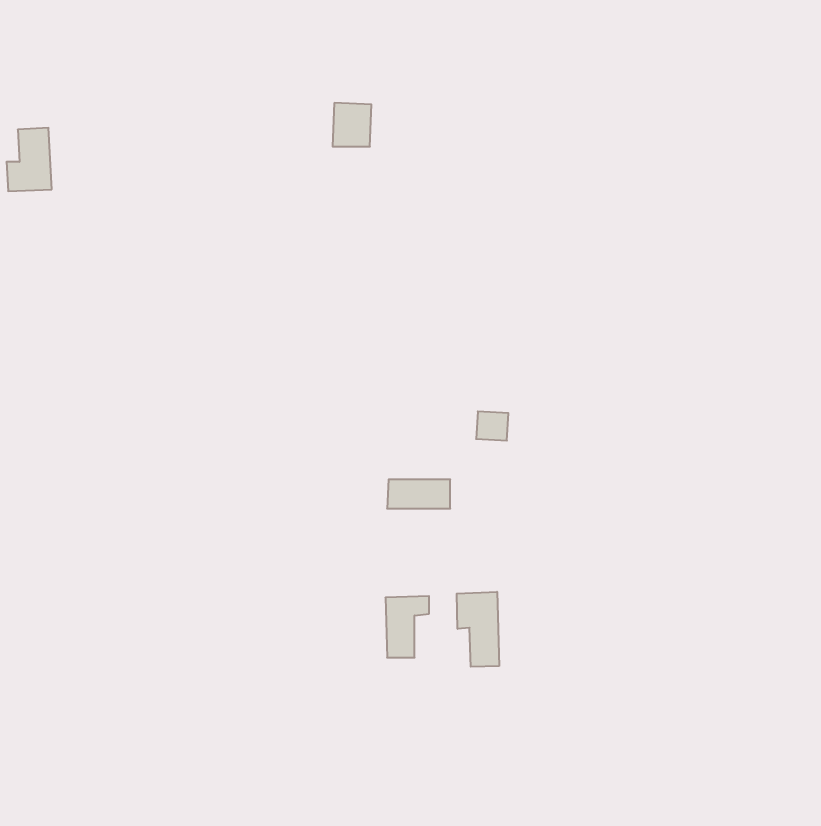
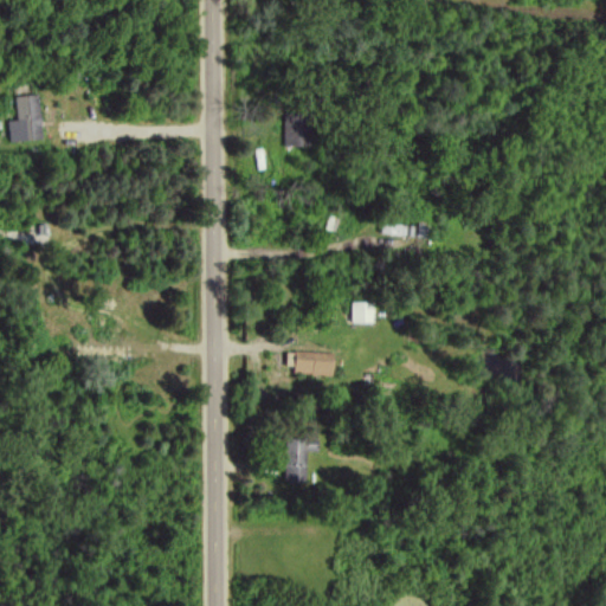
building: [333,103,371,147] -> [285,114,314,146]
building: [457,592,499,667] -> none

